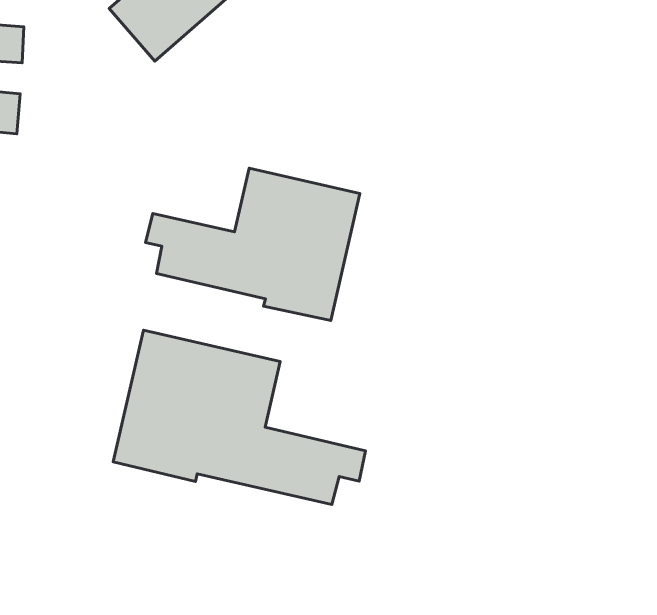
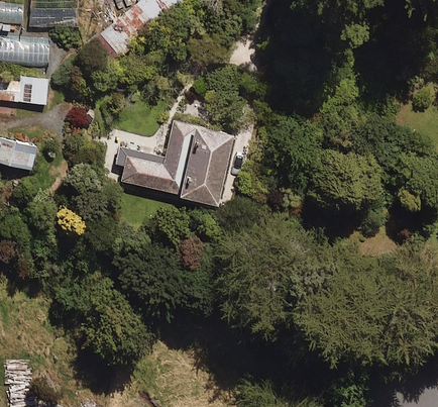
building: [113,330,366,504] -> none

